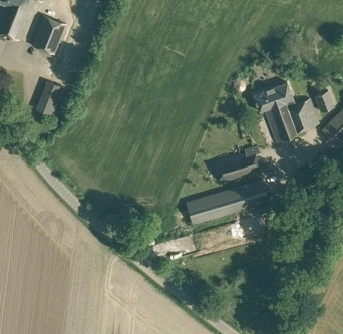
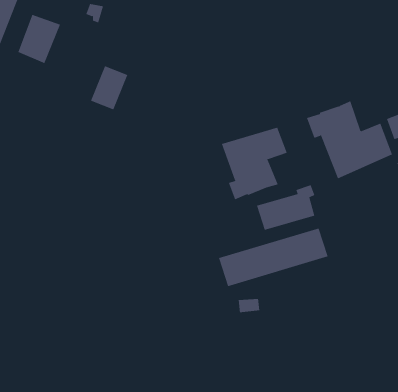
building: [35,82,64,116] -> [90,66,128,110]
building: none -> [221,127,288,200]

